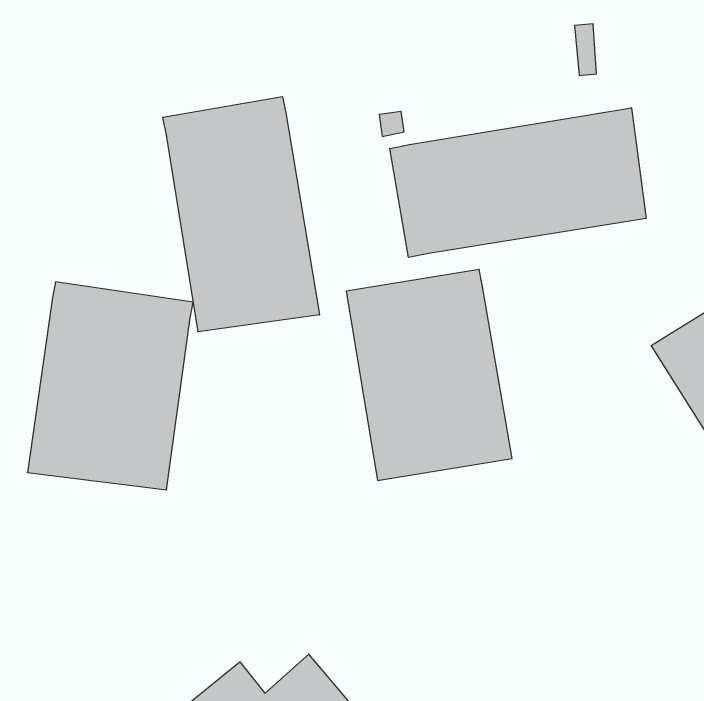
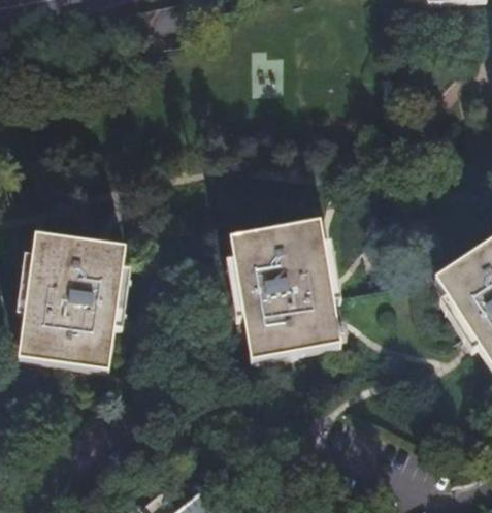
building: [163,97,319,332] -> none
building: [390,108,646,257] -> none

